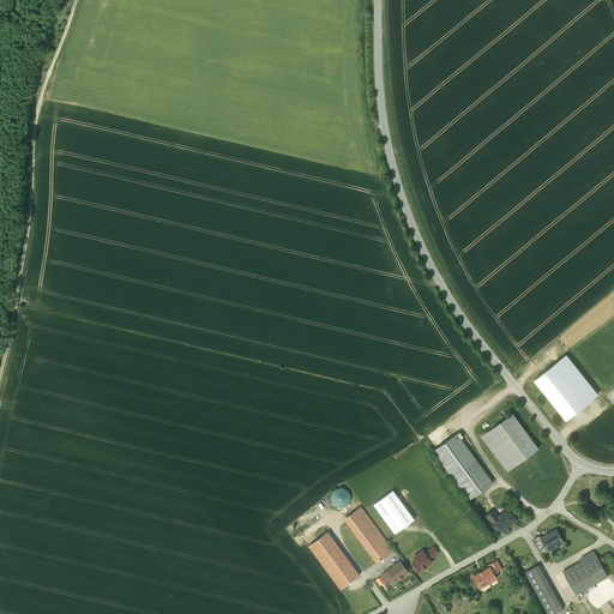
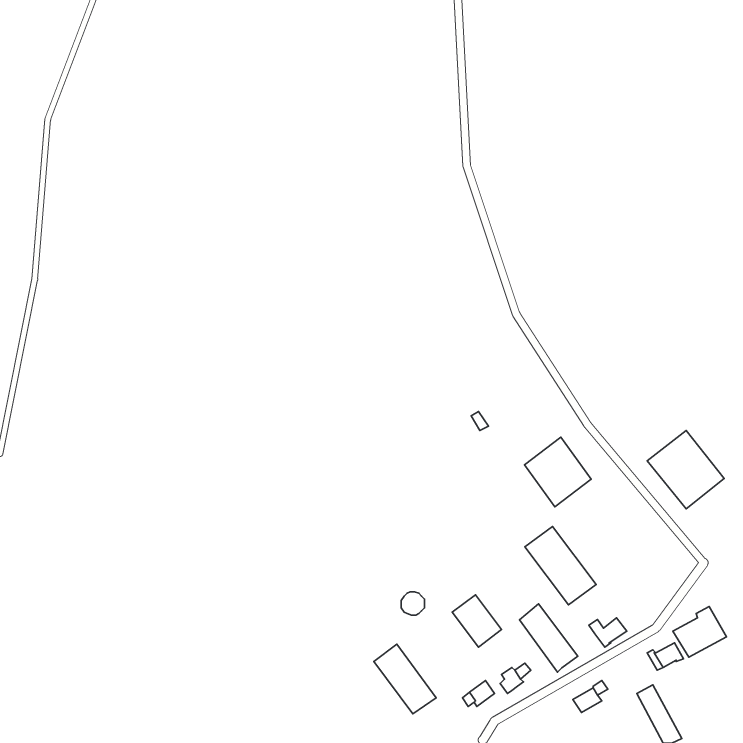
building: [482,414,537,471] -> [524,437,591,507]
building: [344,507,392,564] -> [520,604,578,672]
building: [562,552,607,594] -> [673,606,727,657]

